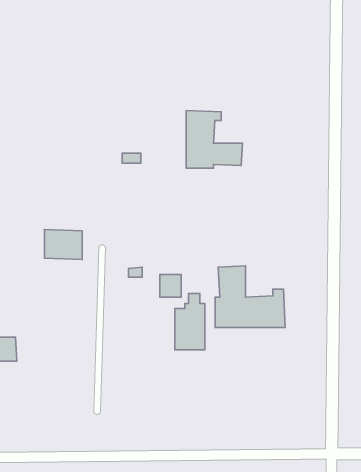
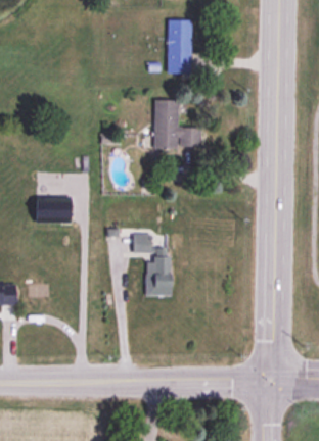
building: none -> [167,20,190,72]
building: [215,266,285,327] -> none

